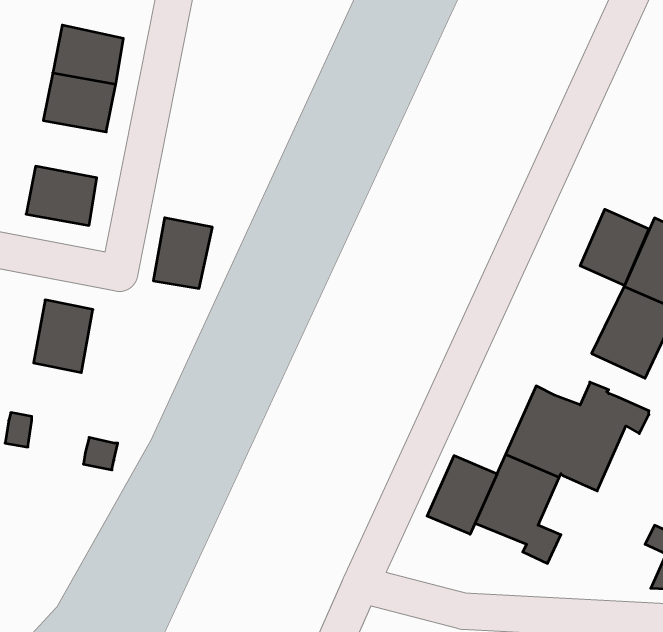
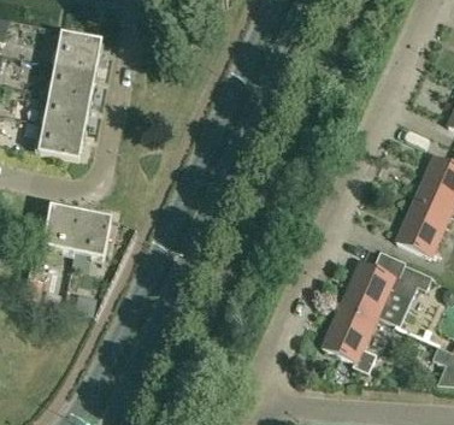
building: none -> [45,92,89,128]
building: [580,209,649,285] -> none
building: [153,218,212,288] -> [73,211,111,255]
building: [427,456,497,534] -> none

